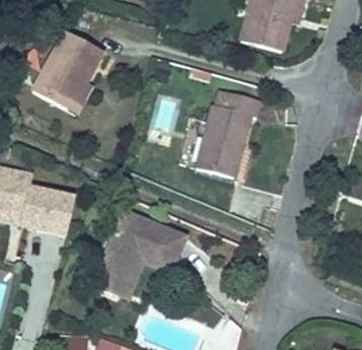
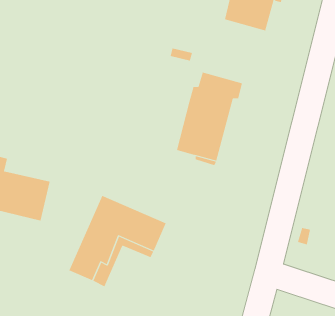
building: [32,31,102,115] -> none

